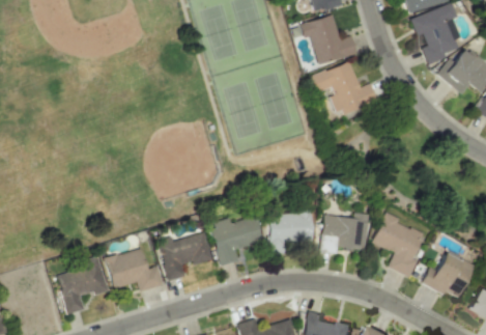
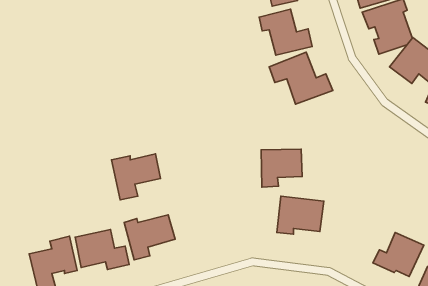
building: [268,213,312,253] -> [261,149,302,187]
building: [372,215,427,277] -> none
building: [210,217,262,266] -> [111,154,160,200]

